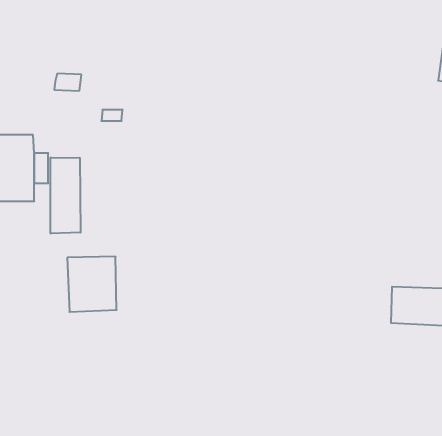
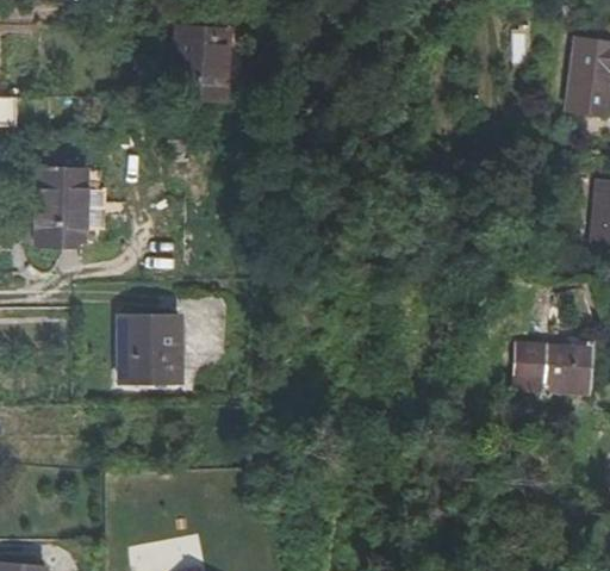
building: none -> [179,26,235,101]
building: [51,157,81,234] -> none

